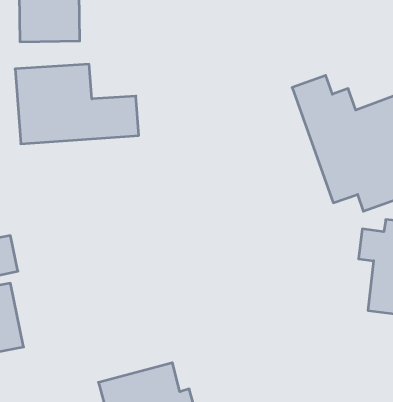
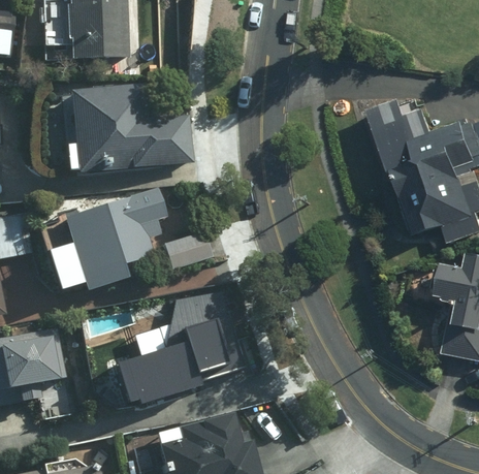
building: none -> [54,183,210,297]
building: none -> [118,301,244,414]

